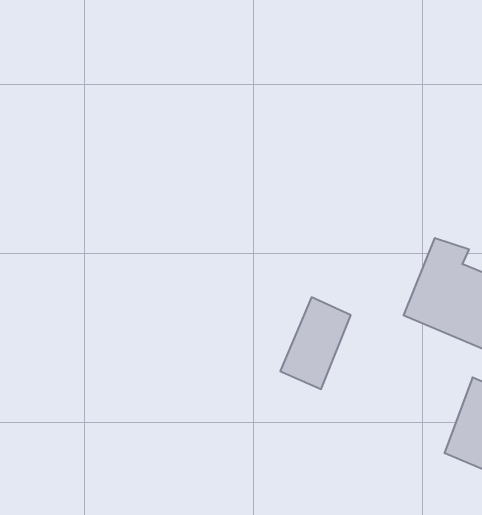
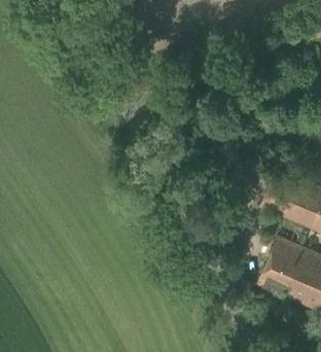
building: [280,297,351,389] -> [258,235,302,292]

